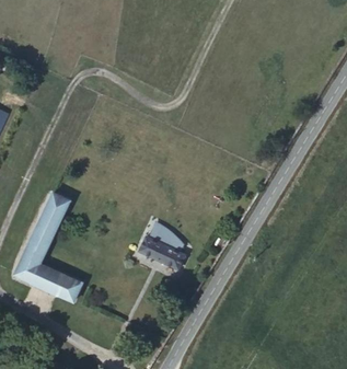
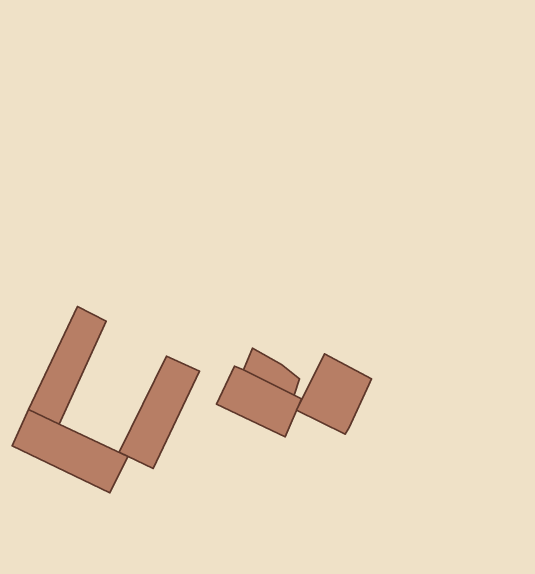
building: none -> [297,354,372,434]
building: none -> [119,356,199,469]

